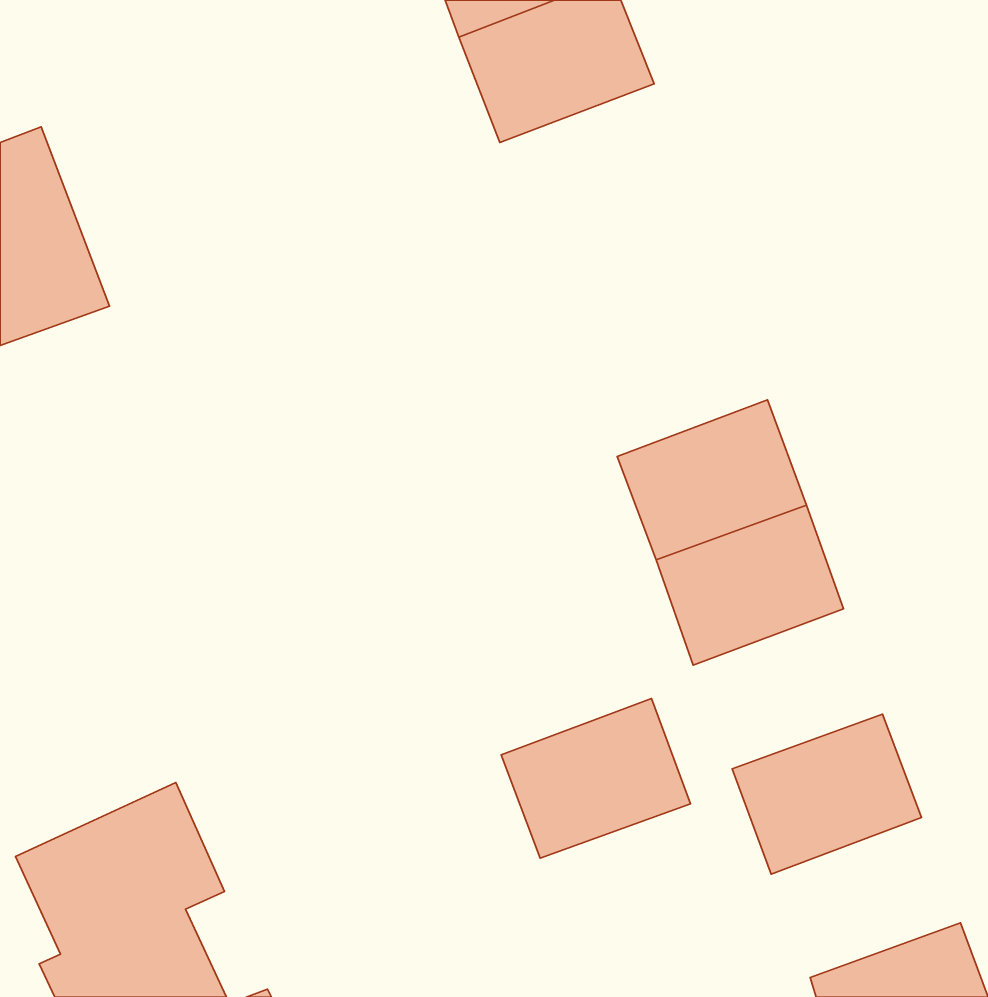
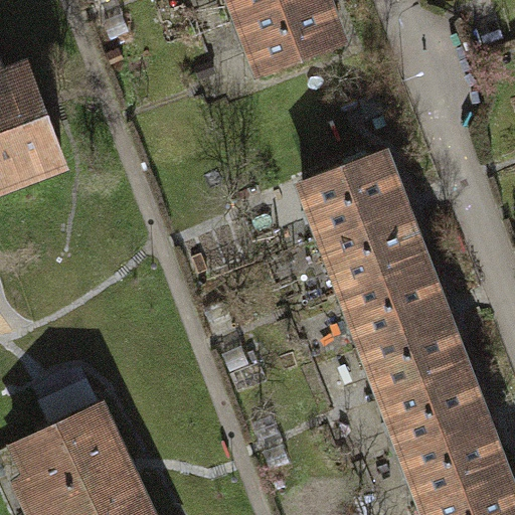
building: none -> [303,153,400,235]
building: [501,698,691,858] -> [362,314,460,396]
building: none -> [402,421,500,504]

